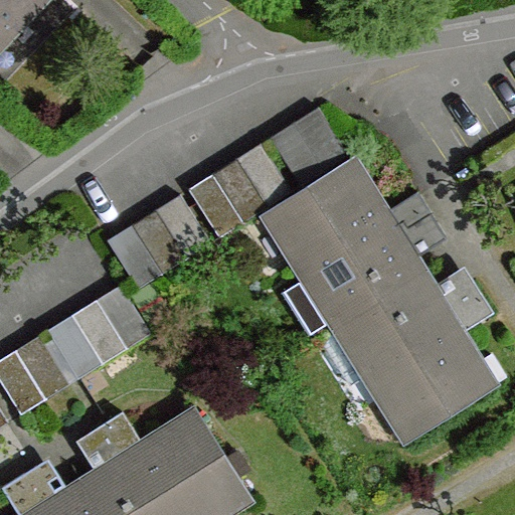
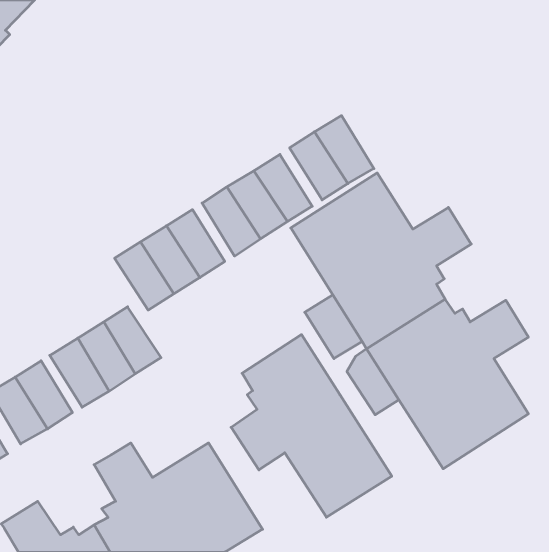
building: none -> [231,335,392,517]

